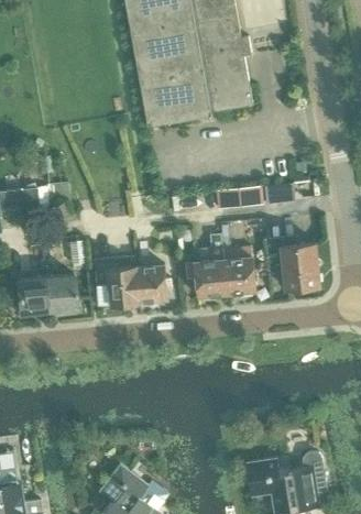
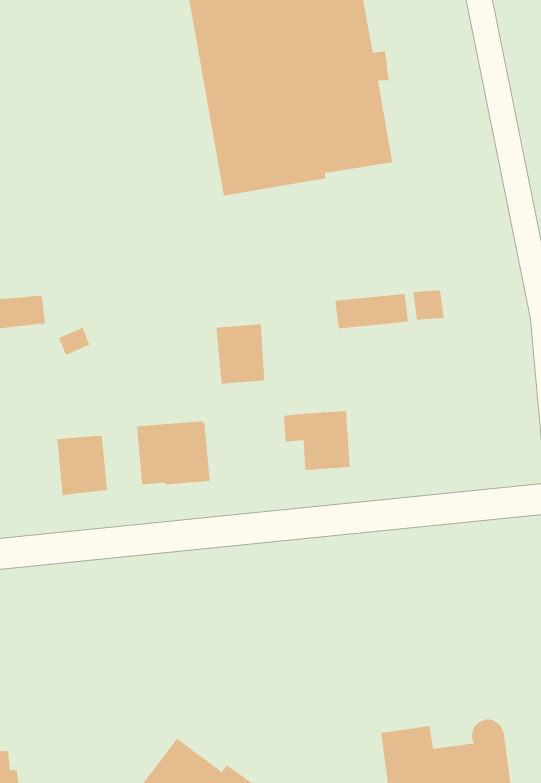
building: [266,243,321,289] -> none
building: [223,248,256,295] -> none
building: [136,265,167,303] -> [215,324,265,384]
building: [15,277,47,315] -> none

